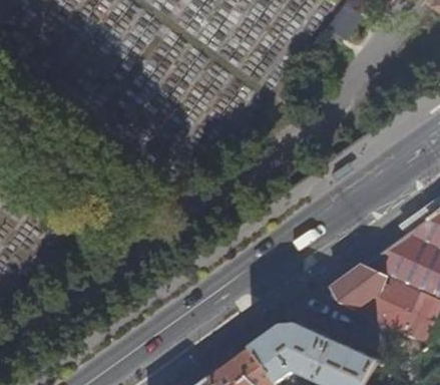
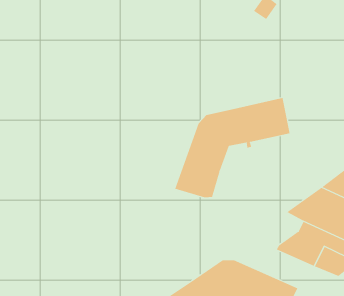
building: none -> [175,97,290,198]
building: [328,267,382,312] -> none

